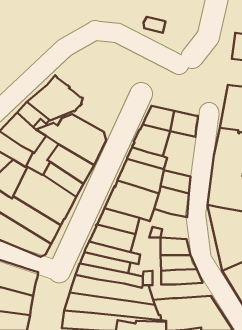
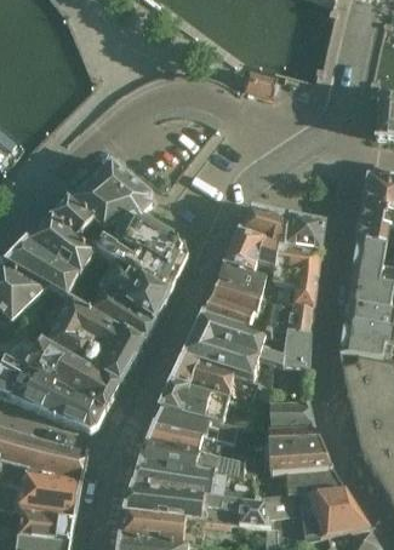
building: none -> [272,241,320,309]
building: none -> [285,468,343,491]

